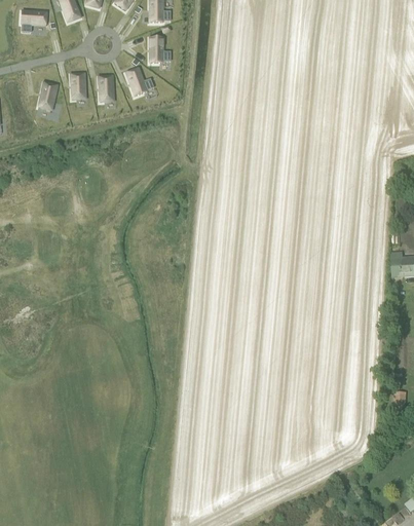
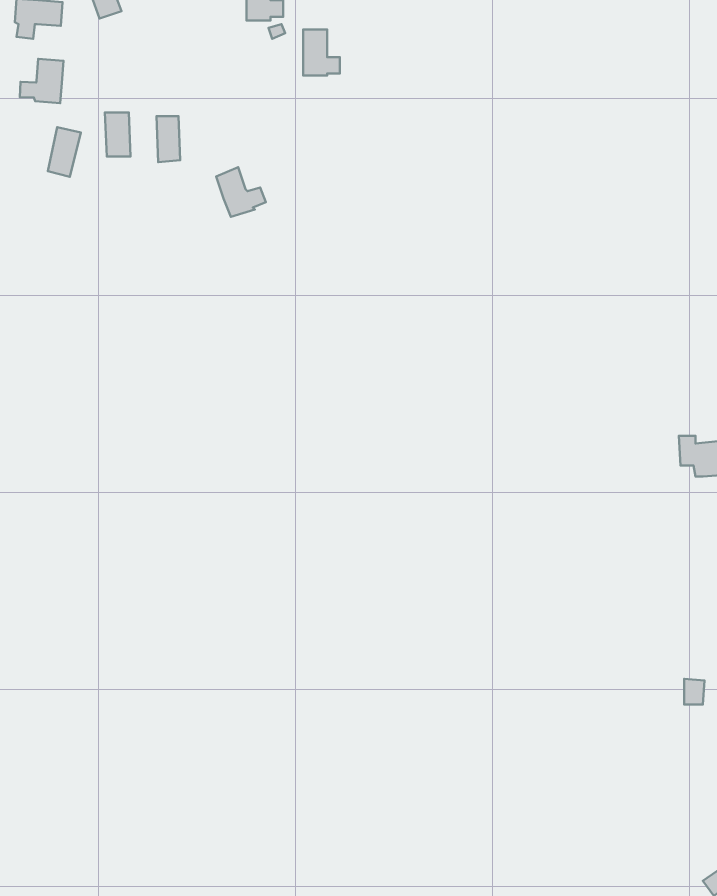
building: [150,36,171,62] -> [303,29,340,75]
building: none -> [20,59,63,103]
building: [126,67,154,95] -> [216,167,266,217]

